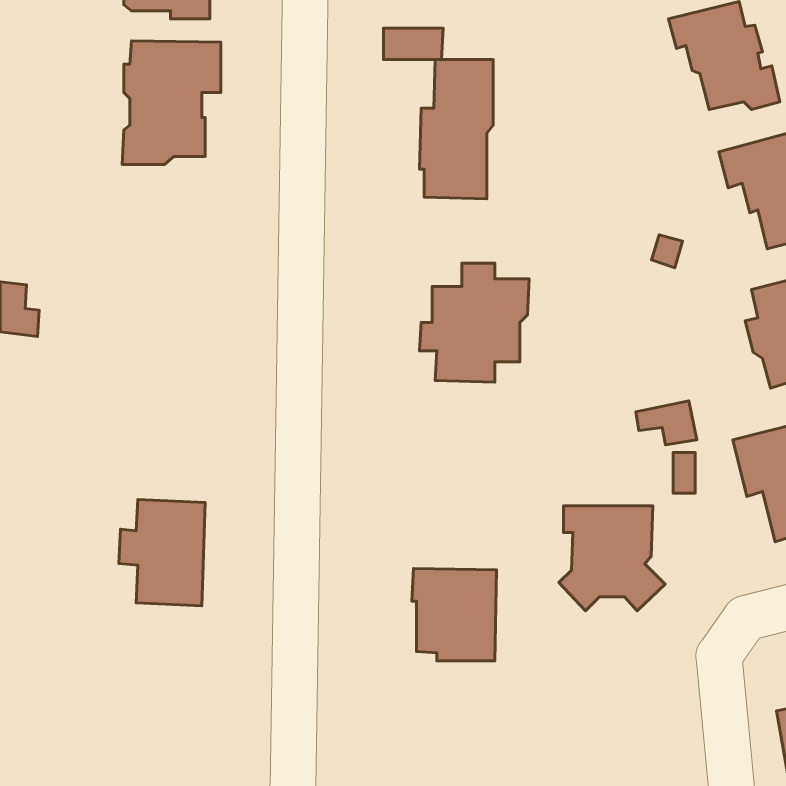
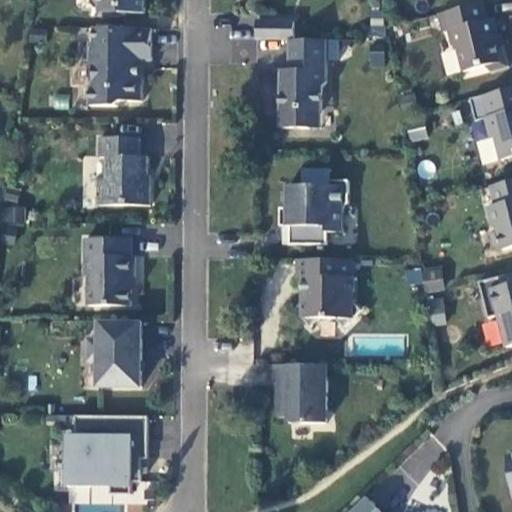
building: none -> [94,135,148,205]
building: none -> [82,236,133,305]
building: [559,506,665,611] -> [292,259,360,326]
building: none -> [61,415,147,495]

